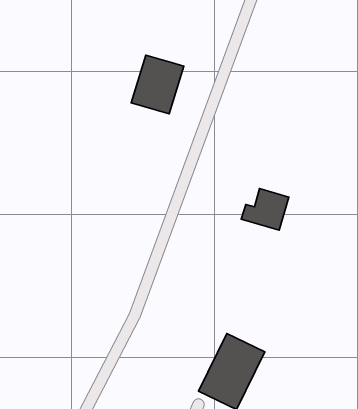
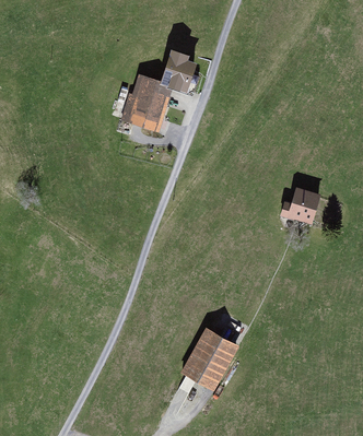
building: none -> [159,50,196,94]
building: [241,189,289,230] -> [278,185,320,222]

